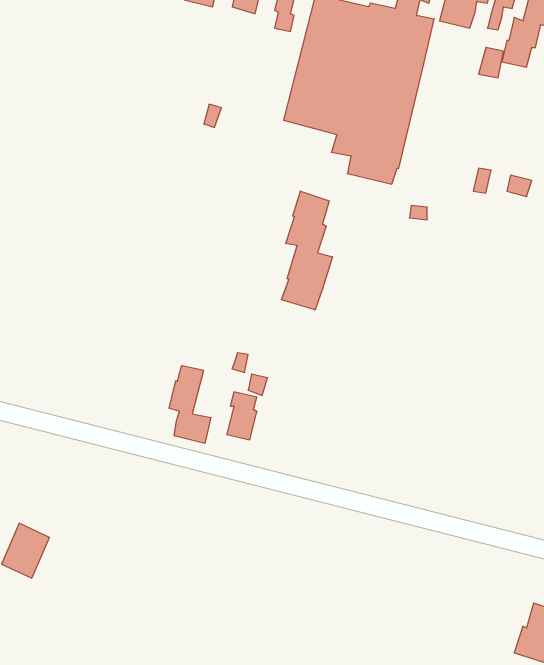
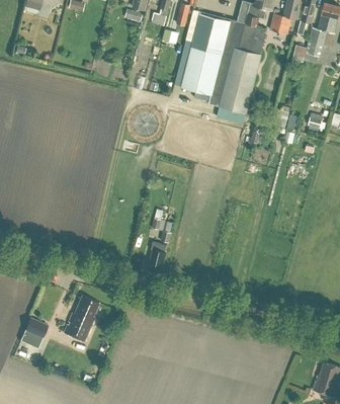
building: [282,191,332,310] -> none
building: [169,366,211,443] -> none
building: none -> [64,297,97,341]

